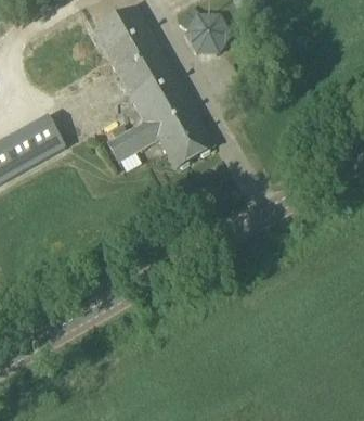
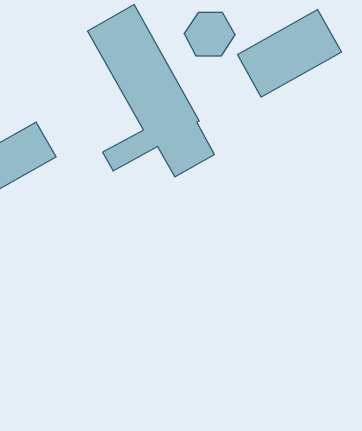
building: none -> [238,10,341,97]

